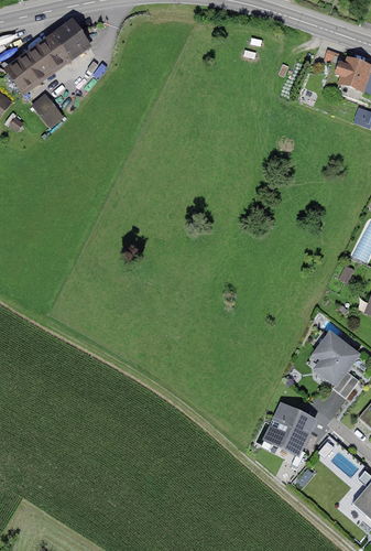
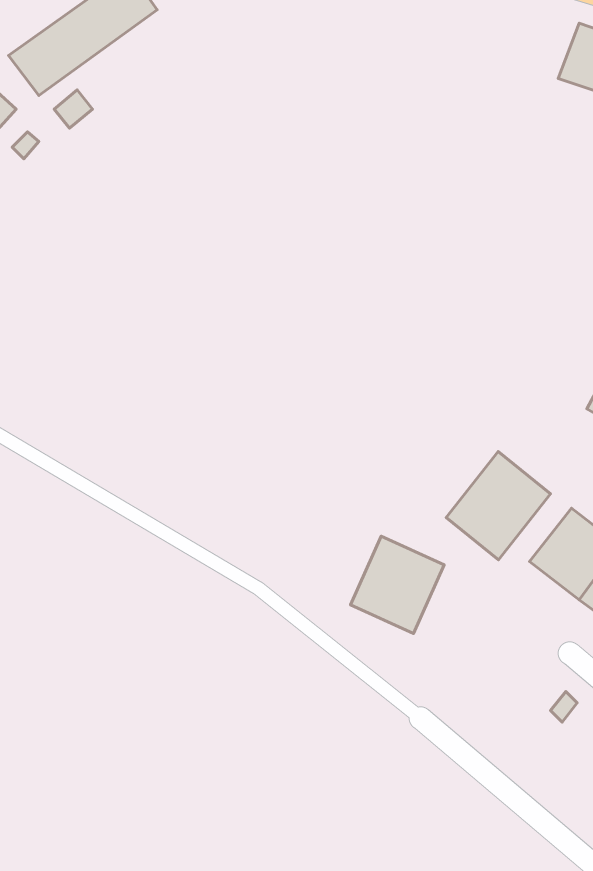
building: none -> [446,452,550,560]
building: [262,401,316,457] -> [351,536,444,633]

